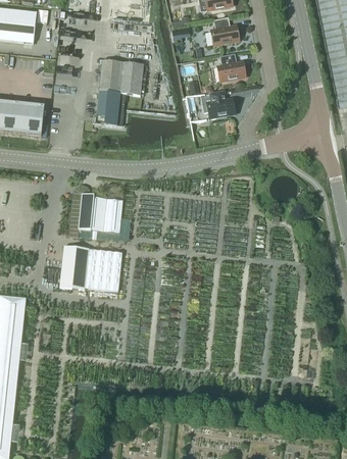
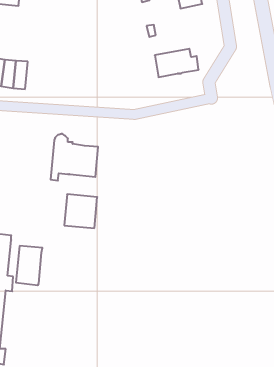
building: [217,53,245,81] -> none
building: [92,60,143,125] -> none
building: [59,245,89,289] -> [16,246,42,285]

